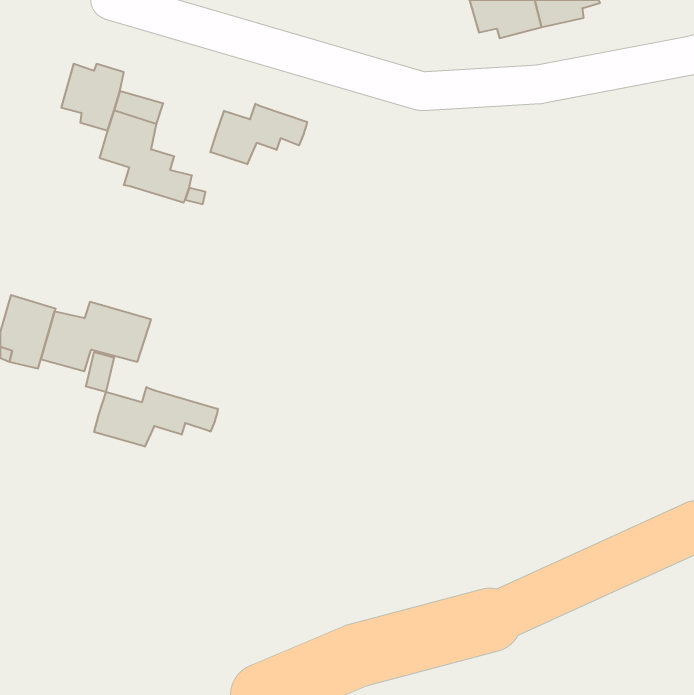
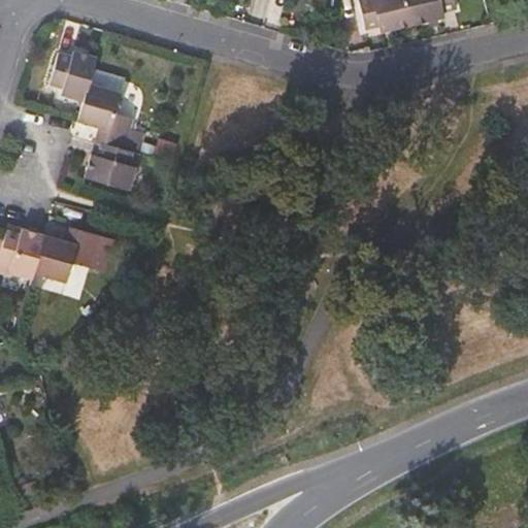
building: [210,104,307,164] -> none
building: none -> [86,141,140,185]
building: [94,387,218,447] -> none

